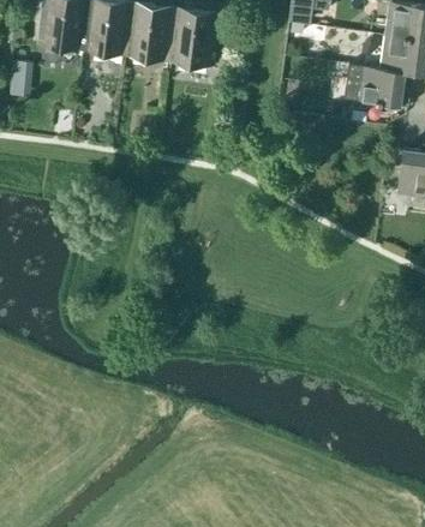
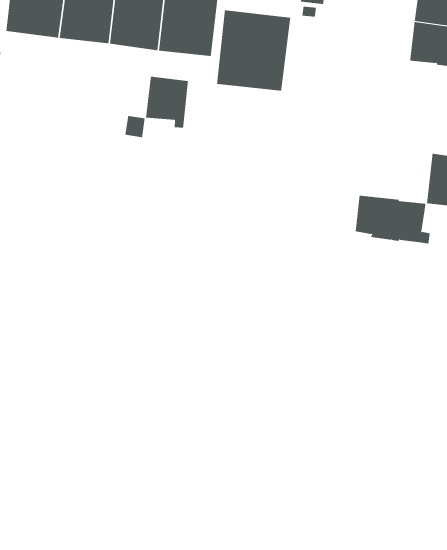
building: none -> [216,10,291,92]
building: [343,66,408,108] -> [355,195,431,244]
building: none -> [146,76,188,129]

